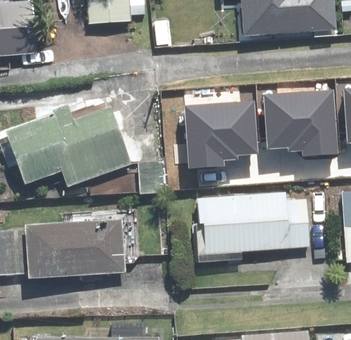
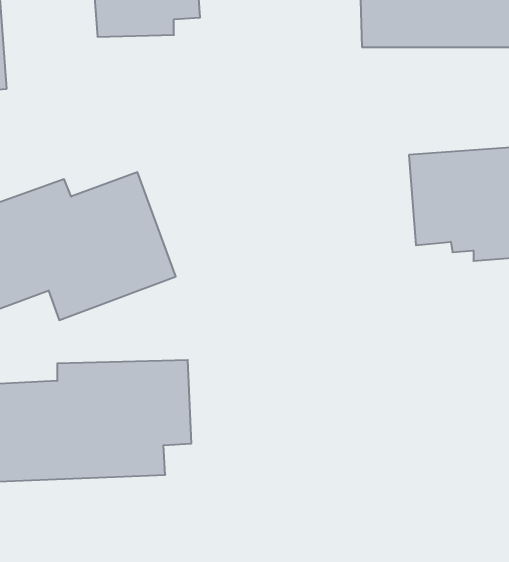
building: [184,97,259,165] -> none
building: [194,192,308,254] -> none

